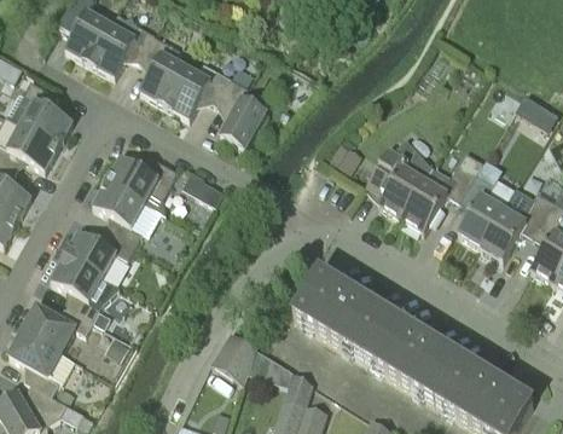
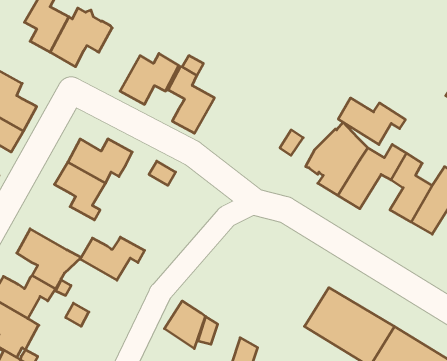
building: [139,33,185,102] -> none
building: none -> [338,98,405,145]
building: [65,227,135,274] -> [80,237,145,280]
building: [292,272,390,358] -> none

